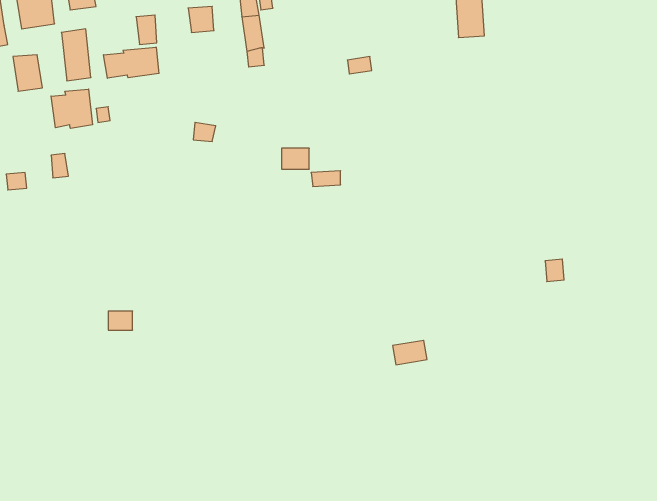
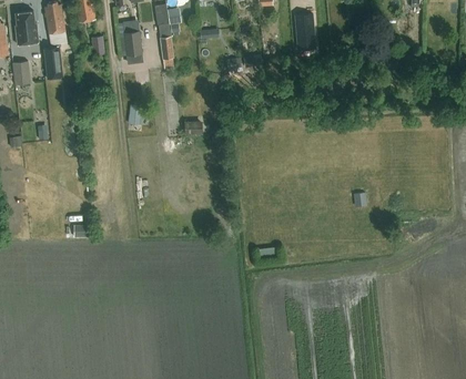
building: [104,47,159,78] -> none
building: [51,89,92,128] -> none

